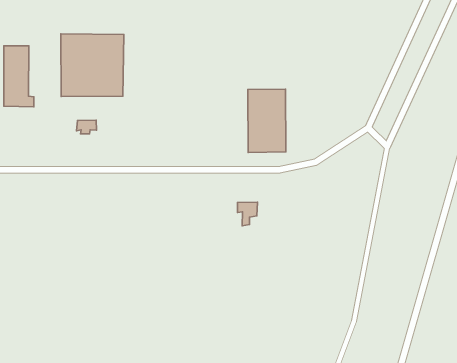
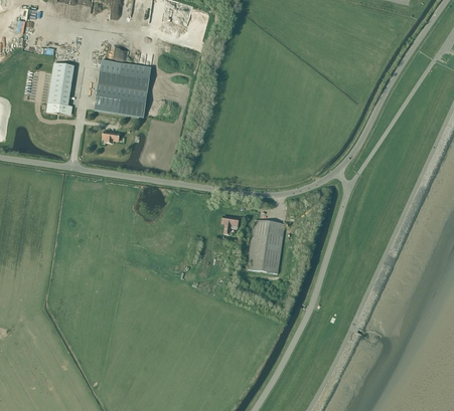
building: [248,89,286,152] -> [247,219,284,273]

